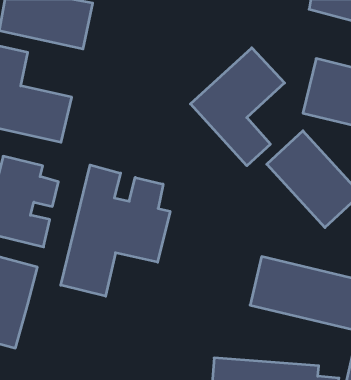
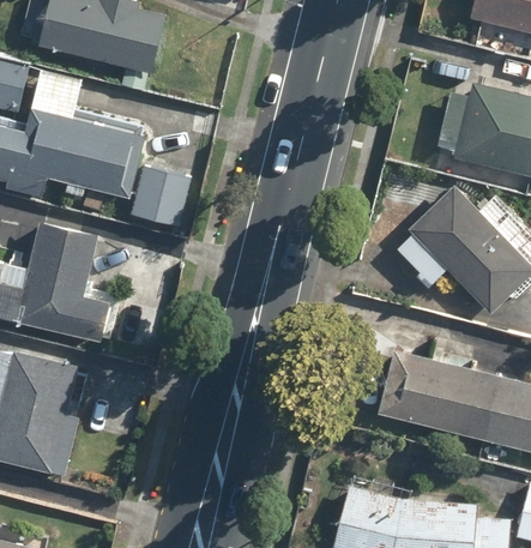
building: [190,48,285,166] -> none
building: none -> [129,163,191,225]
building: [61,165,170,296] -> none

